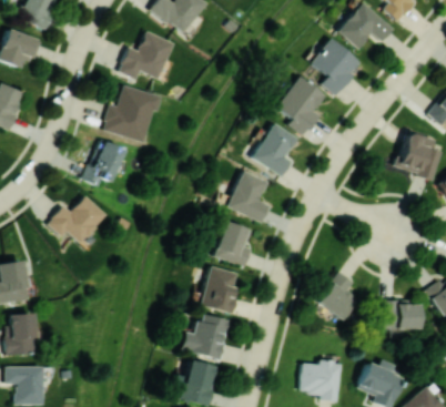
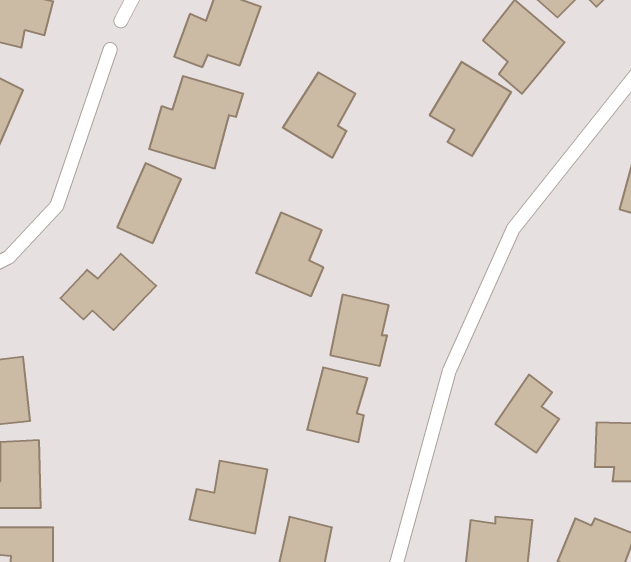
building: [252,123,297,176] -> [283,72,355,158]
building: [227,170,270,222] -> [256,213,323,296]
building: [180,313,229,358] -> [189,461,267,534]

